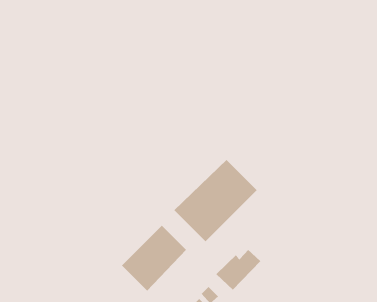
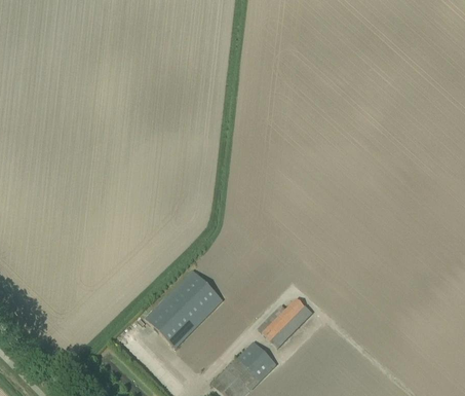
building: [173,159,258,242] -> none

